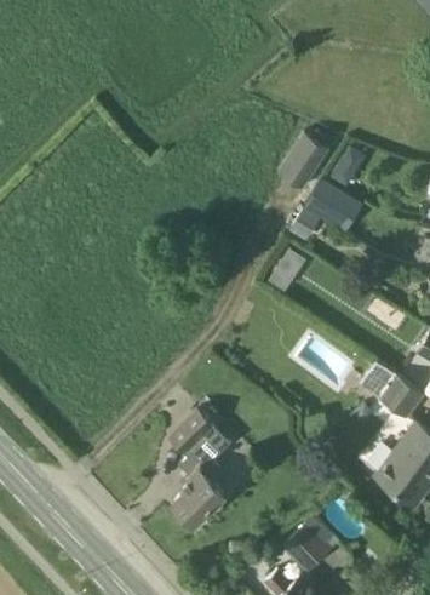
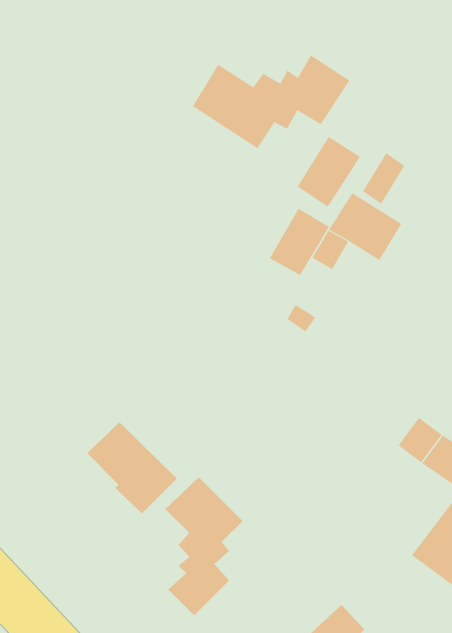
building: none -> [192,55,350,149]
building: none -> [269,208,330,276]
building: none -> [87,422,178,514]

